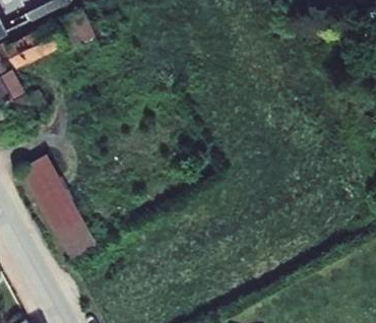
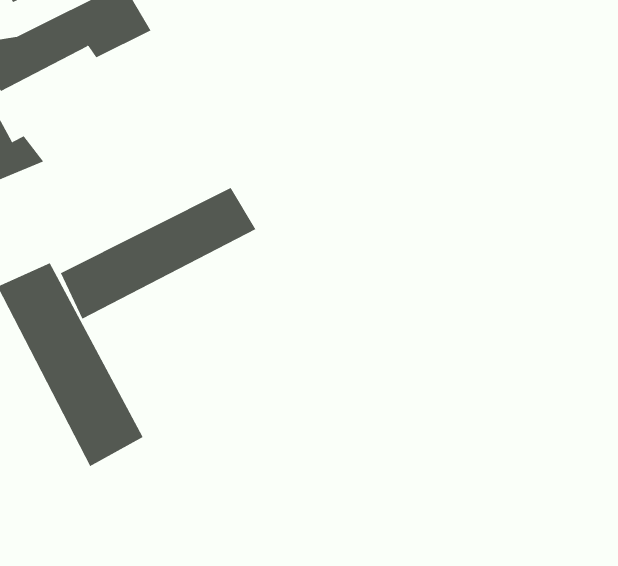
building: none -> [60,187,256,319]

